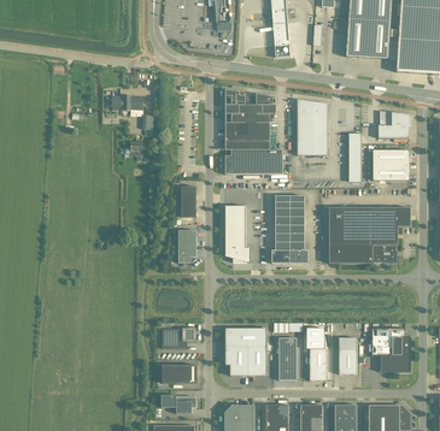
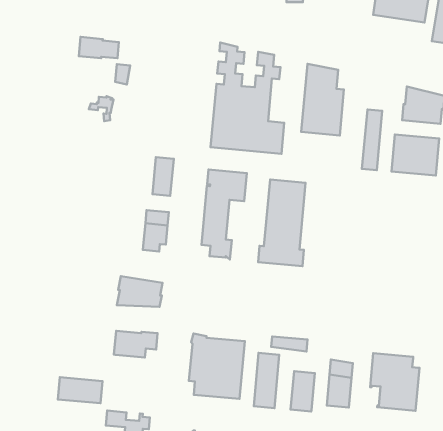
building: [328,207,410,262] -> none
building: none -> [117,276,163,307]
building: [162,364,196,382] -> [58,377,103,403]

